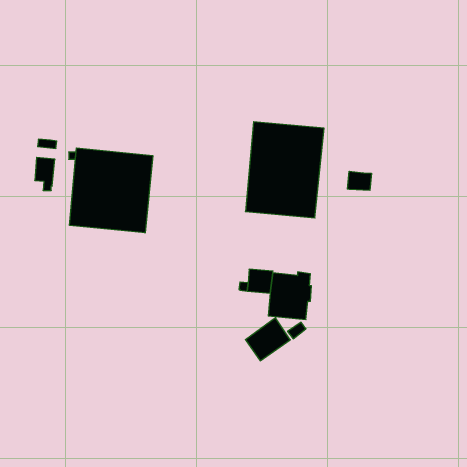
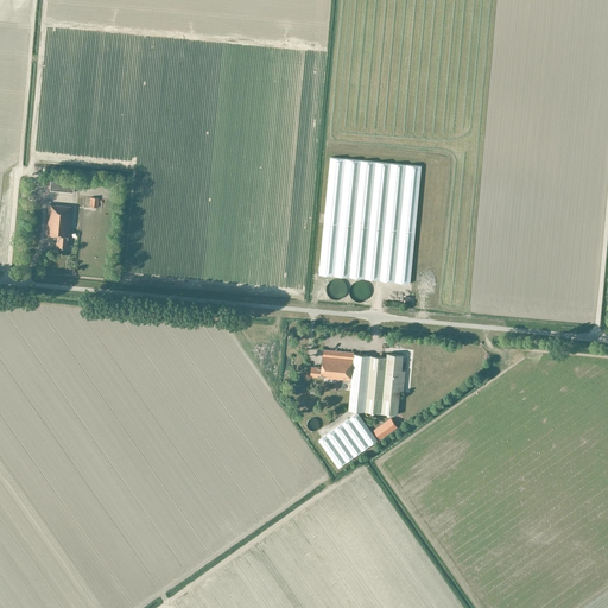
building: [70,148,153,233] -> none
building: [347,171,371,190] -> none

